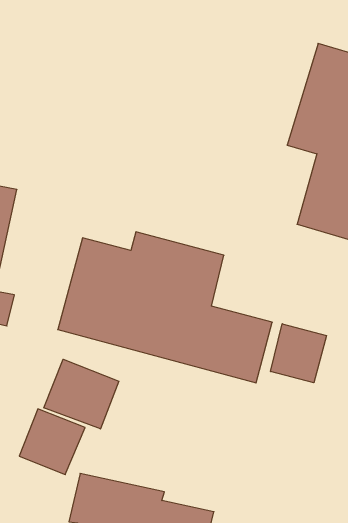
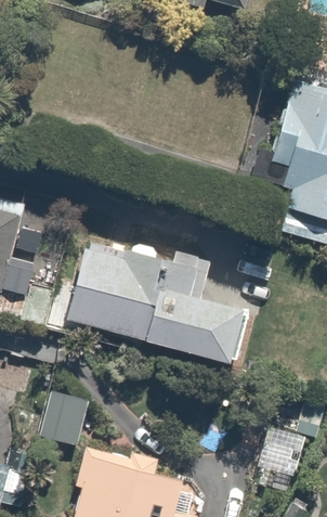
building: [271,324,327,383] -> none
building: [44,359,119,429] -> none

